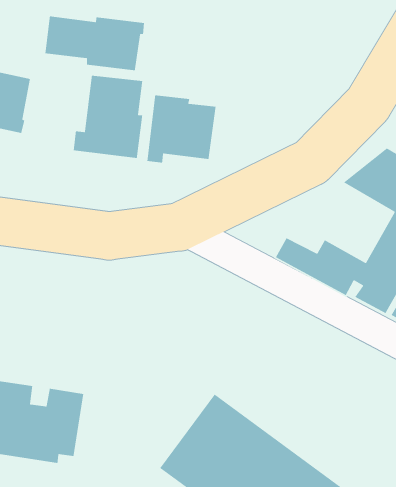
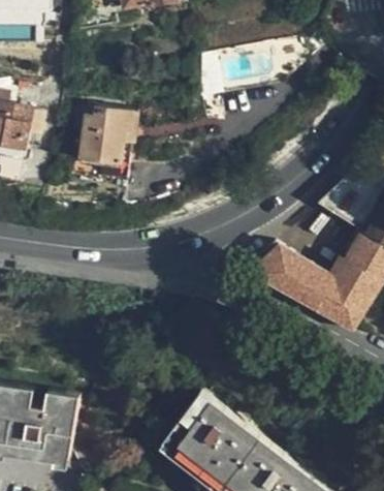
building: [44,15,145,71] -> none
building: [146,94,216,164] -> none

